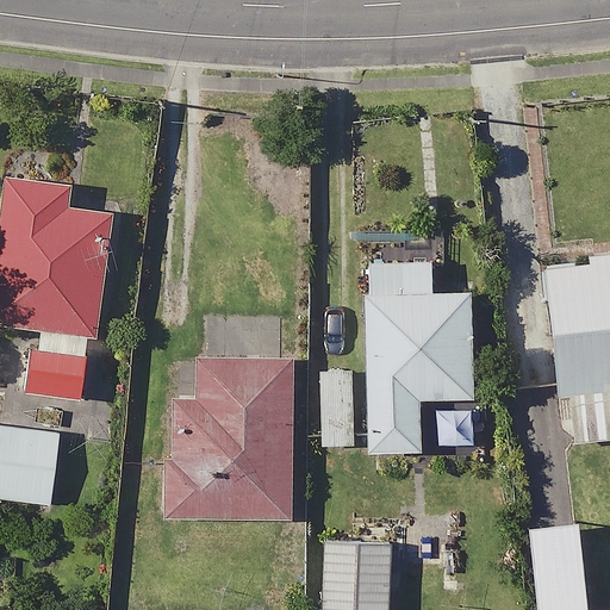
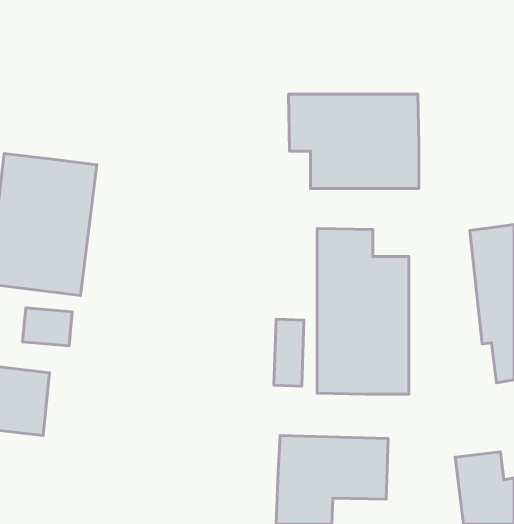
building: none -> [289,94,419,188]
building: [168,356,294,521] -> none

